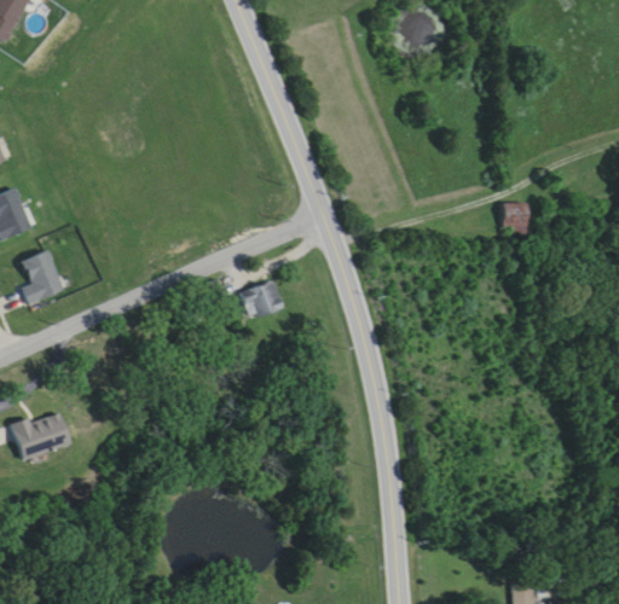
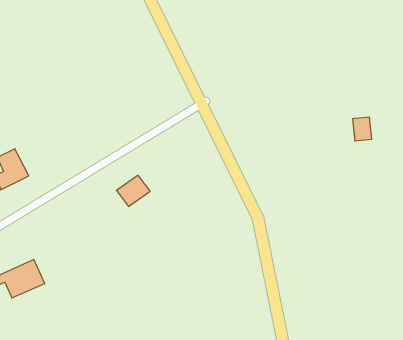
building: [503,203,527,234] -> [353,117,372,141]
building: [238,278,285,320] -> [116,175,150,206]

